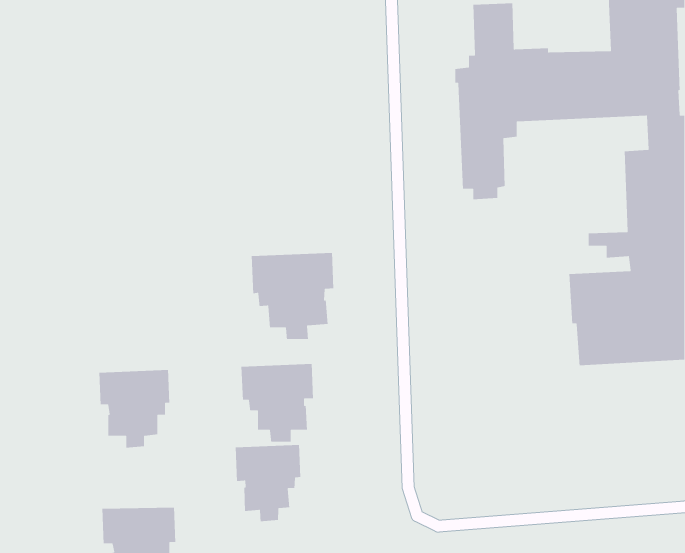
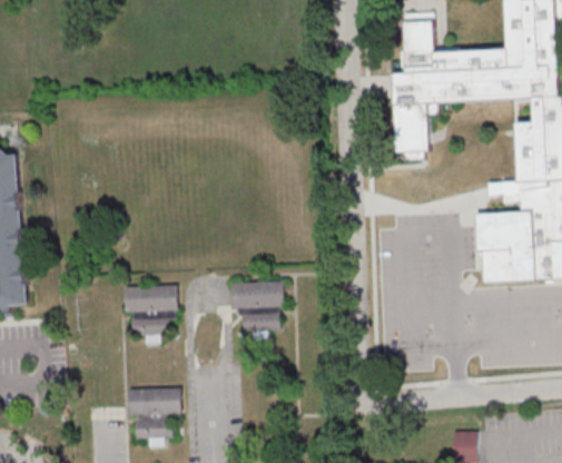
building: [251,252,334,340] -> none
building: [235,444,301,522] -> none

